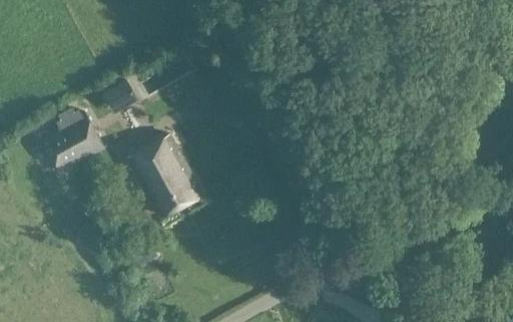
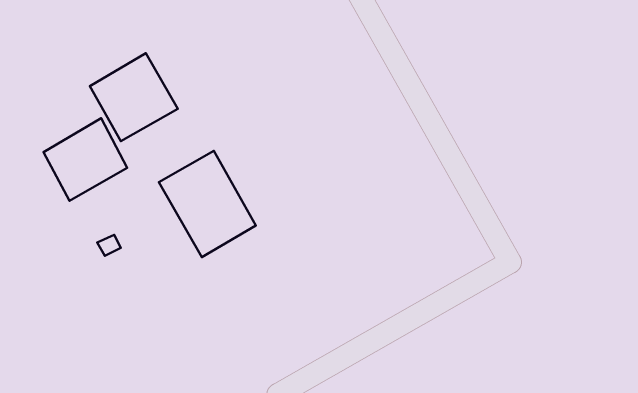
building: none -> [90,53,178,141]

